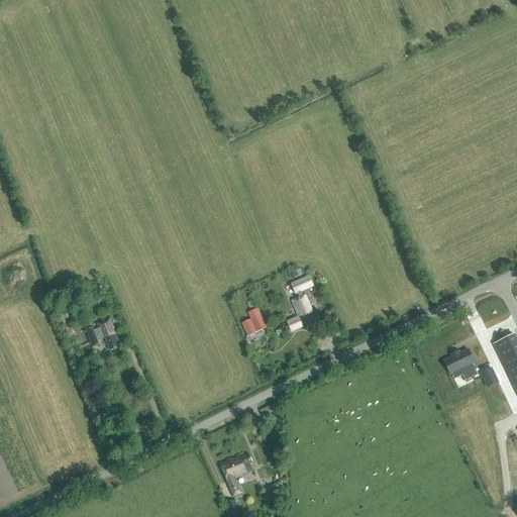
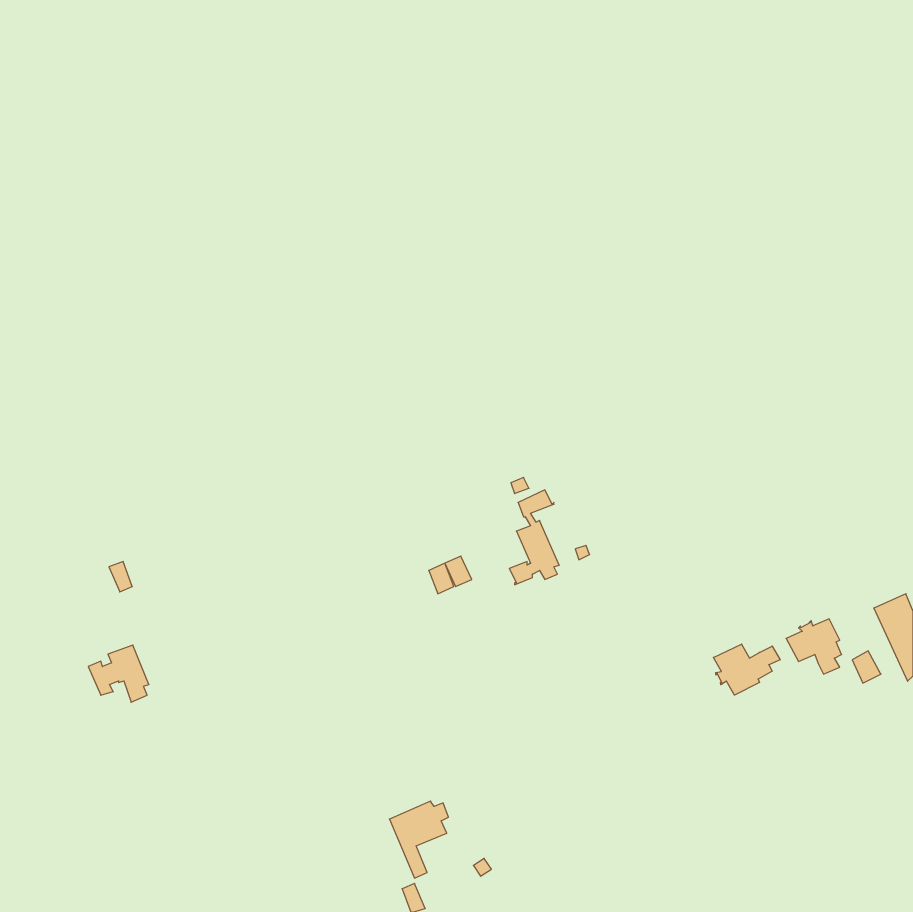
building: [86,318,120,350] -> [88,645,149,702]
building: none -> [713,644,780,695]

